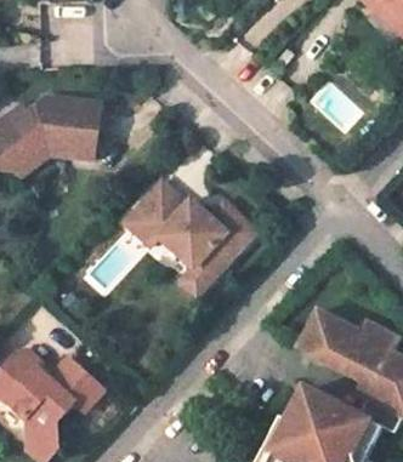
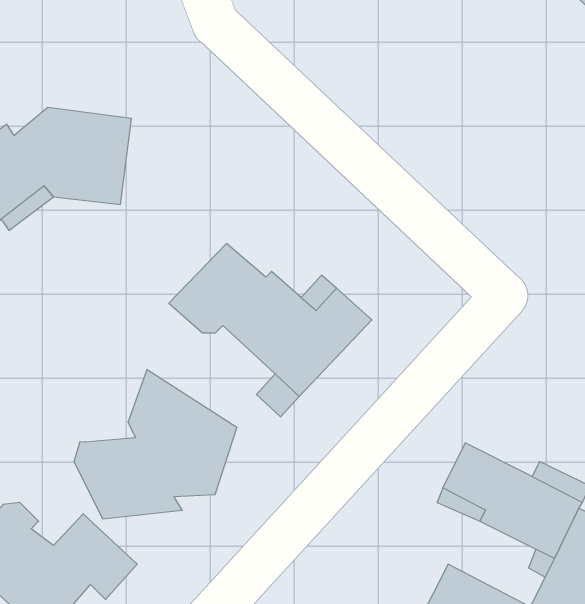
building: none -> [74,369,237,519]

